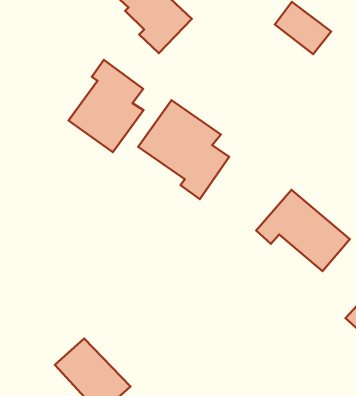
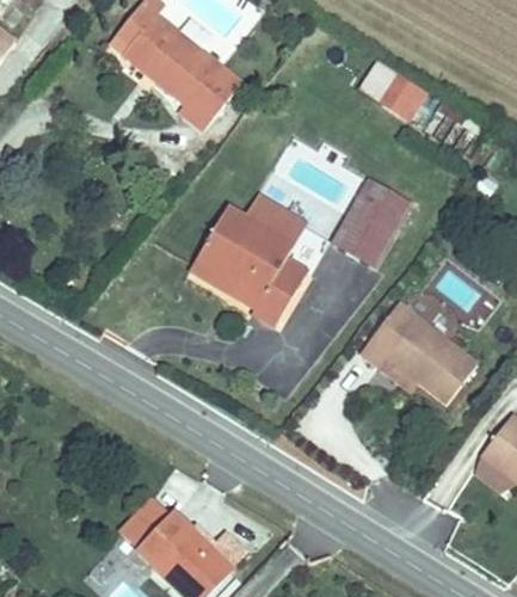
building: [69,60,143,152] -> none
building: none -> [333,174,411,260]

